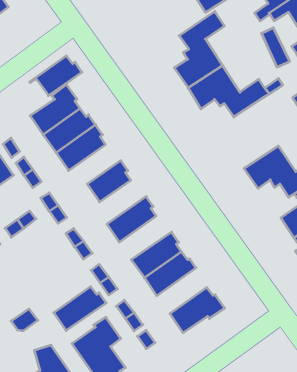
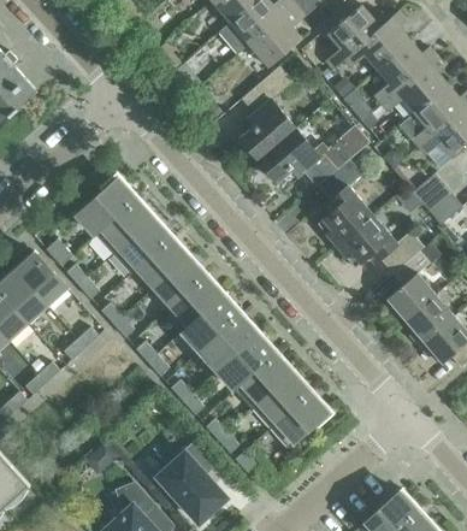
building: [30,56,82,96] -> [130,237,190,287]
building: none -> [318,159,373,246]
building: none -> [171,276,225,331]
building: none -> [252,370,309,427]
building: [54,287,106,331] -> [200,314,260,370]

